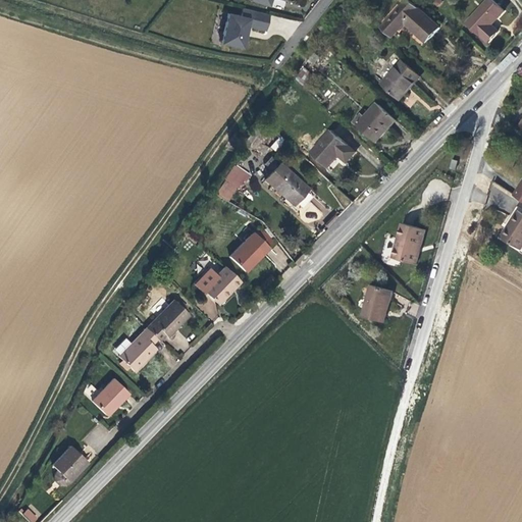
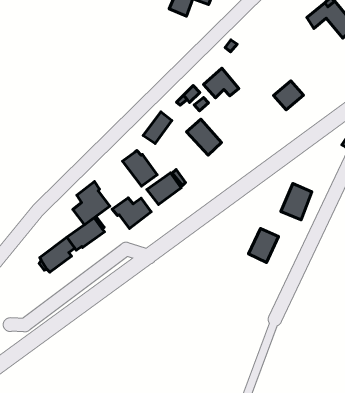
building: [384,62,422,100] -> none
building: [312,130,354,166] -> [203,68,239,98]
building: none -> [122,151,157,186]
building: none -> [73,181,110,225]
building: [89,377,125,415] -> none

